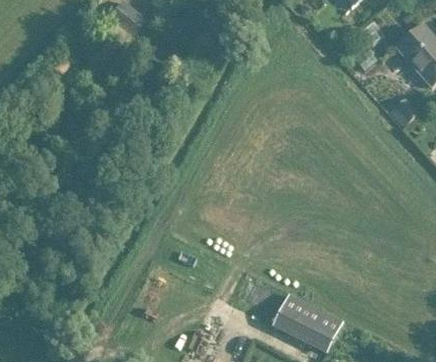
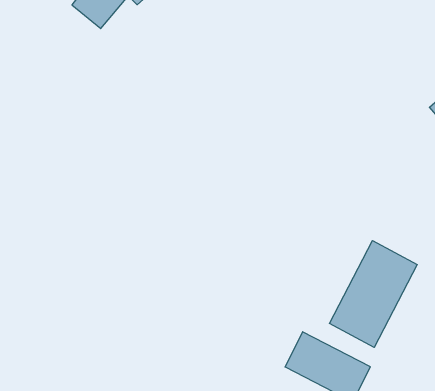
building: none -> [329,241,417,347]

